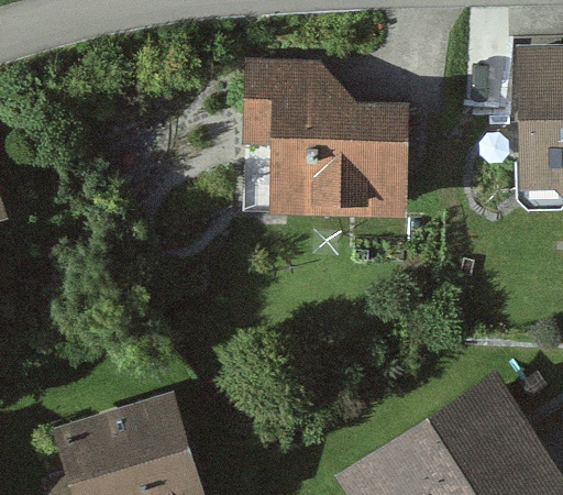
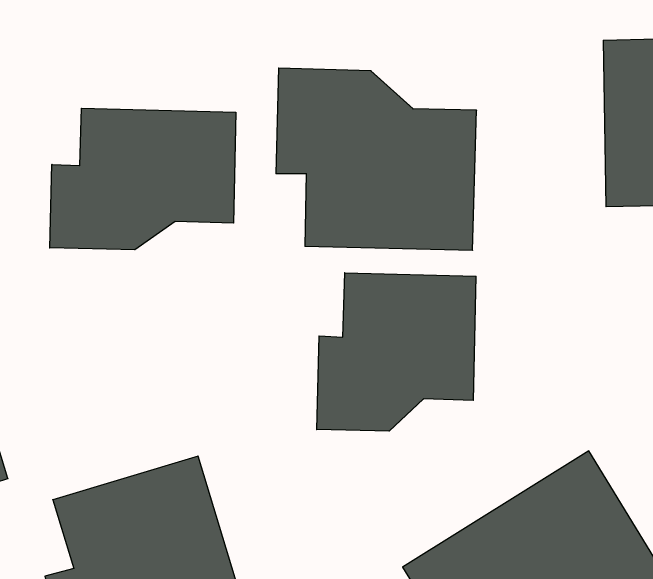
building: none -> [50,108,236,250]
building: none -> [317,273,476,431]

